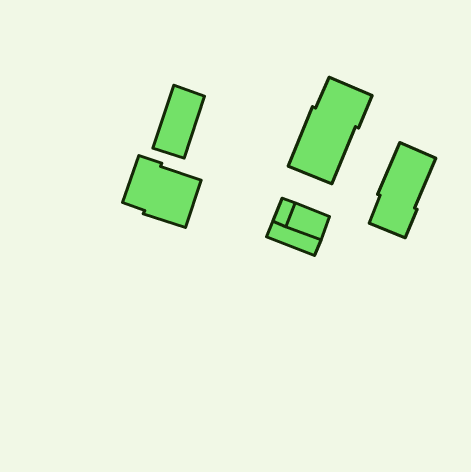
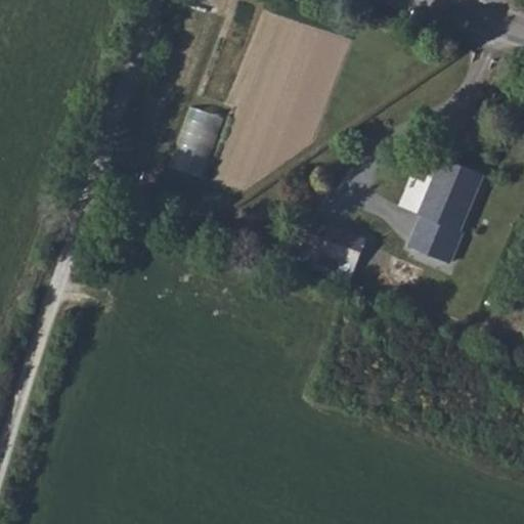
building: [288,77,372,184] -> none
building: [123,155,201,228] -> none

